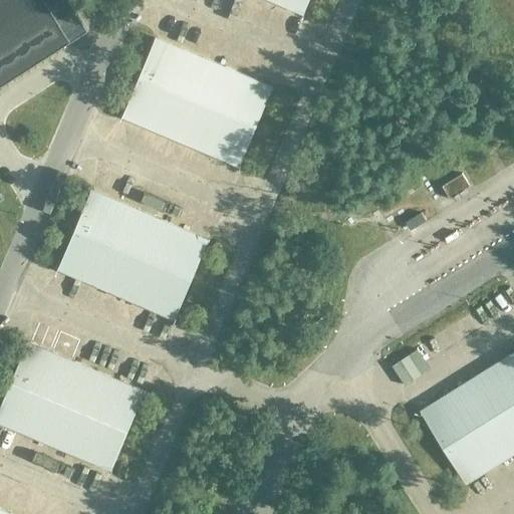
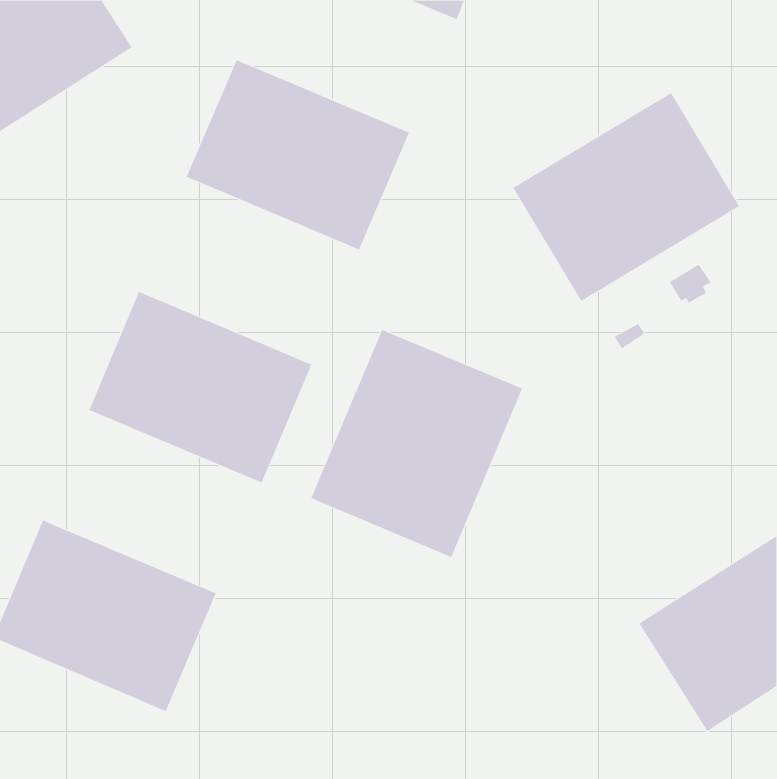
building: none -> [512,92,740,302]
building: none -> [311,329,523,558]

